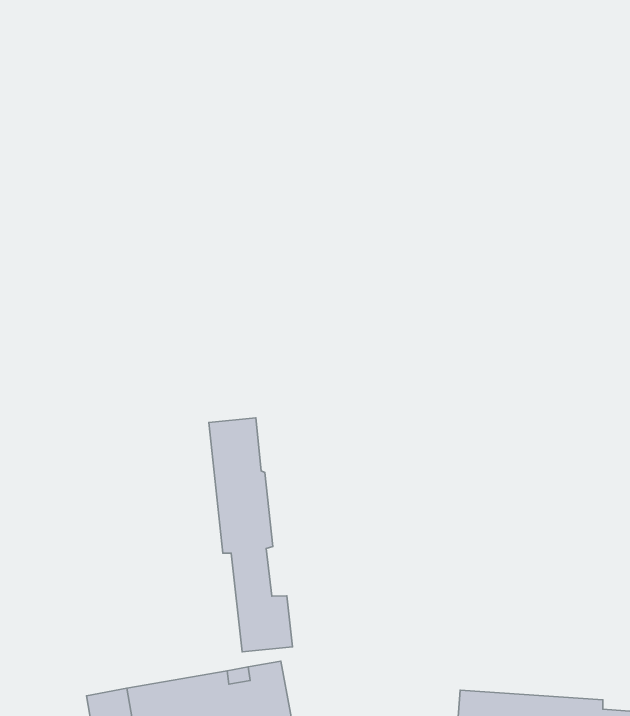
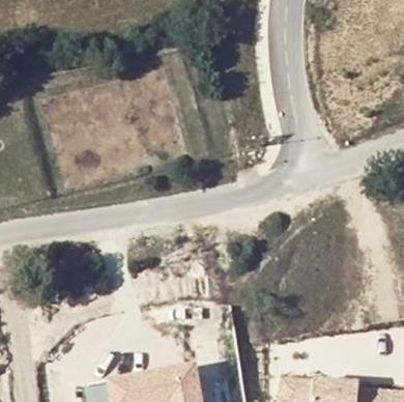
building: [209,418,292,652] -> none

